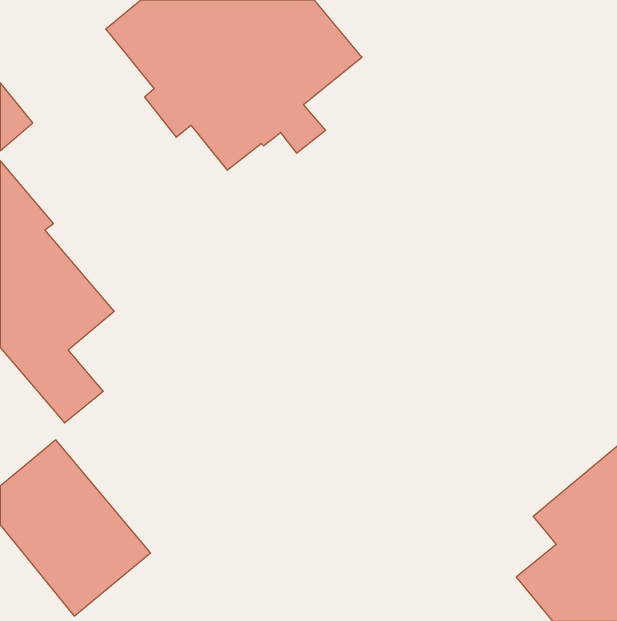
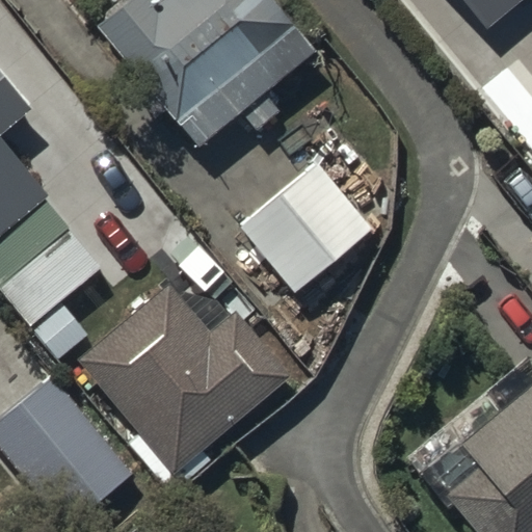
building: none -> [239,161,372,292]
building: none -> [76,280,289,474]

